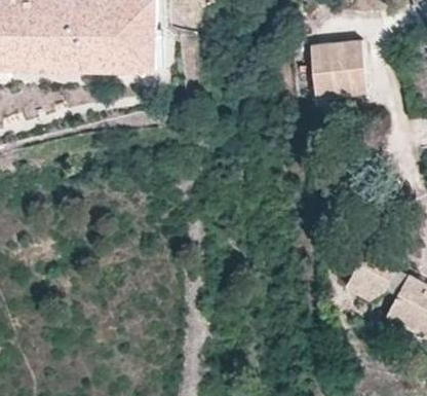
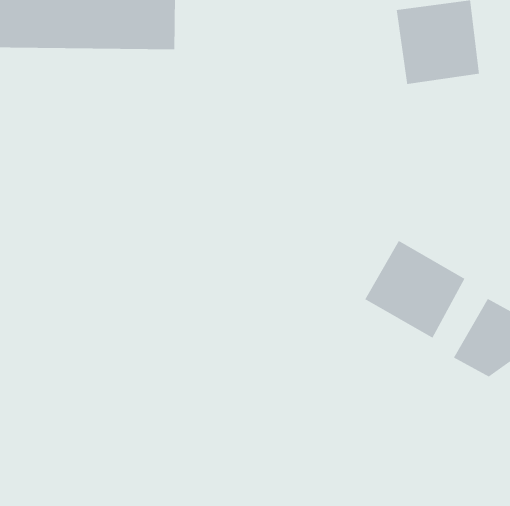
building: none -> [364,240,466,339]

